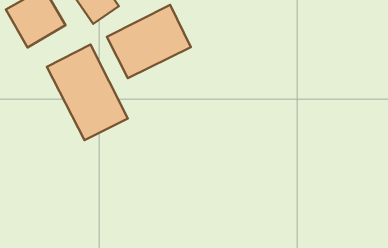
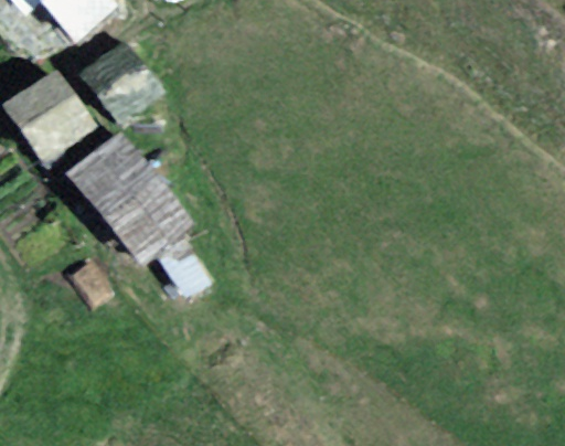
building: [107,5,191,78] -> none

